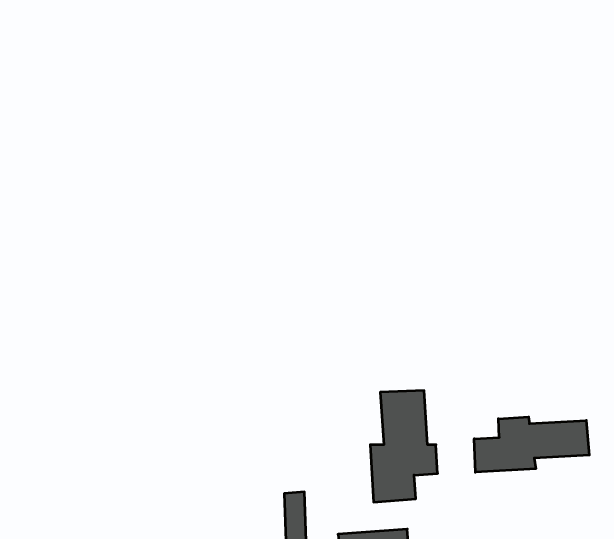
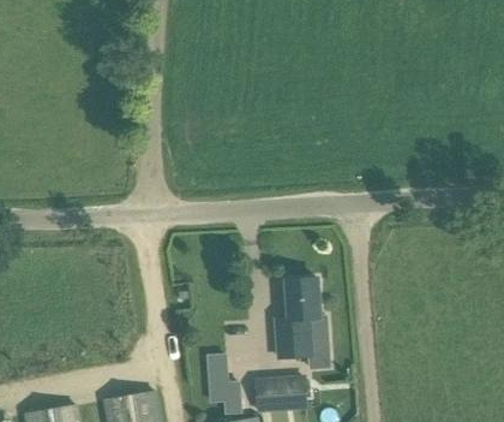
building: [474,417,589,472] -> none

